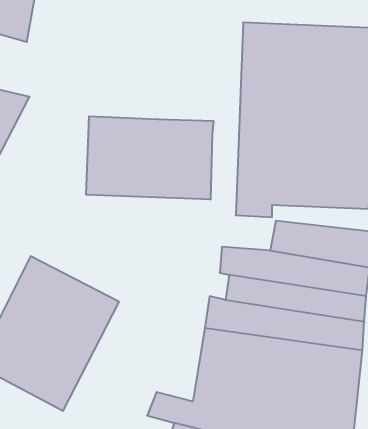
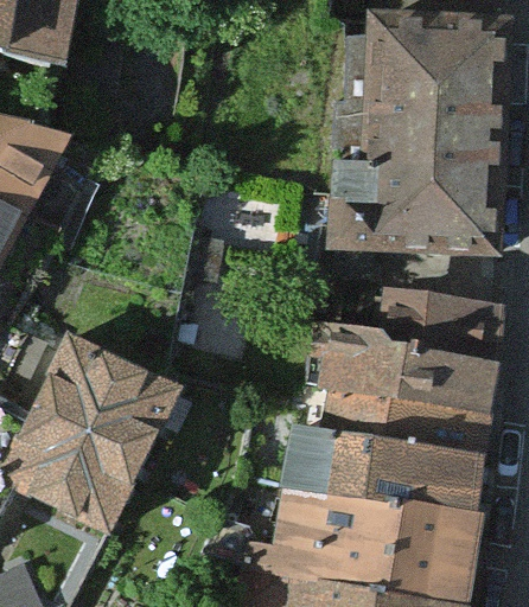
building: [86,116,213,200] -> none

